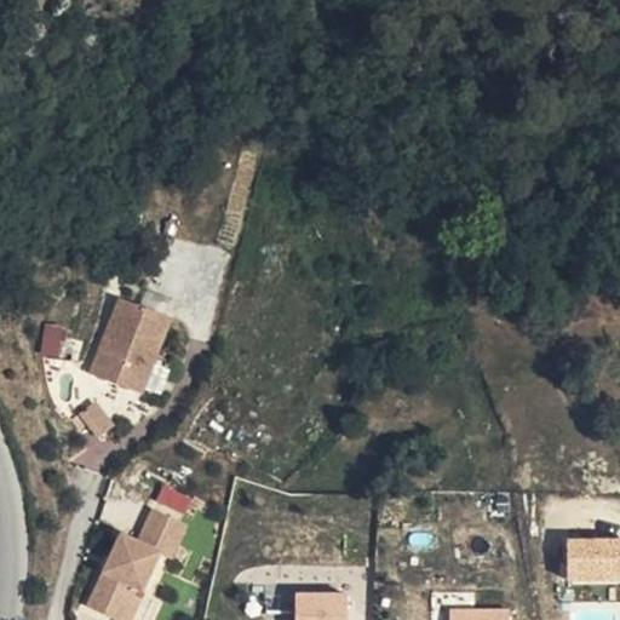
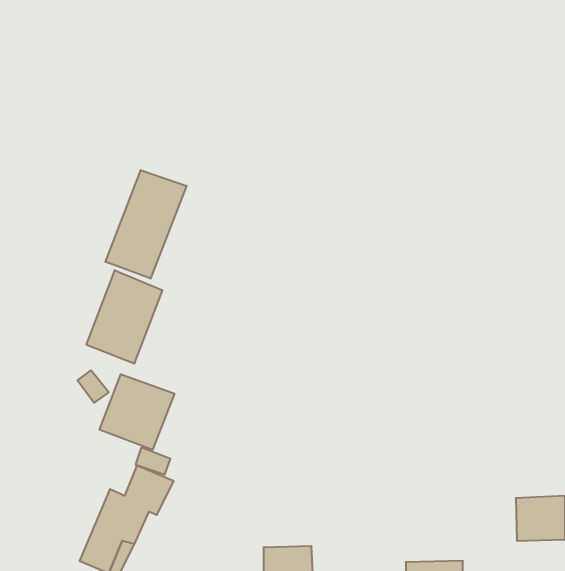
building: none -> [105,170,187,279]
building: none -> [99,374,174,450]

